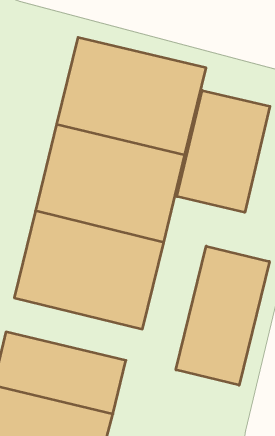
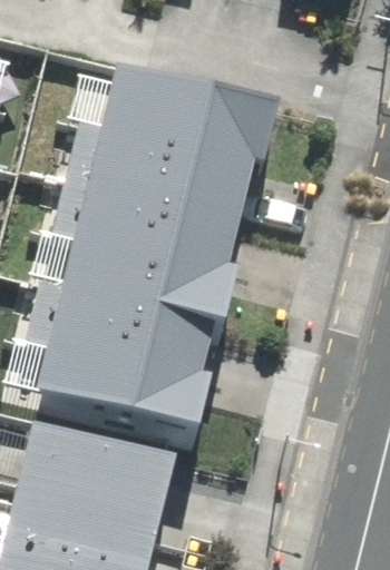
building: [177,90,270,212] -> none
building: [176,246,269,385] -> none

